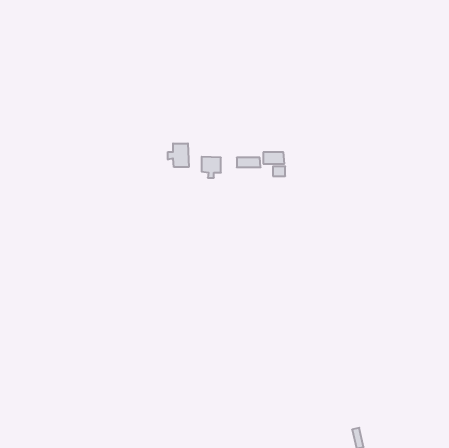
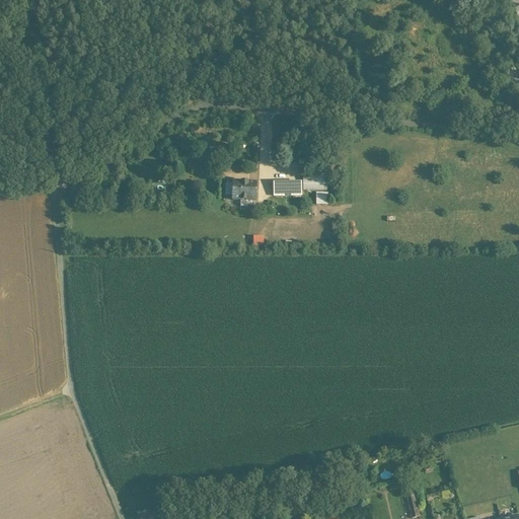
building: [168,143,189,167] -> none

